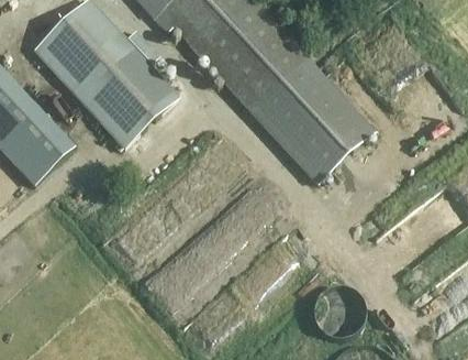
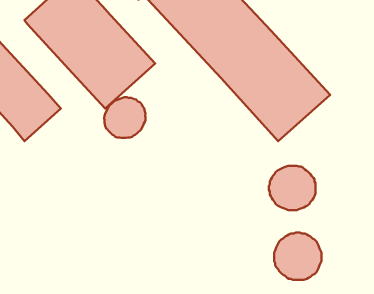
building: none -> [104,97,146,138]
building: none -> [269,166,315,210]

